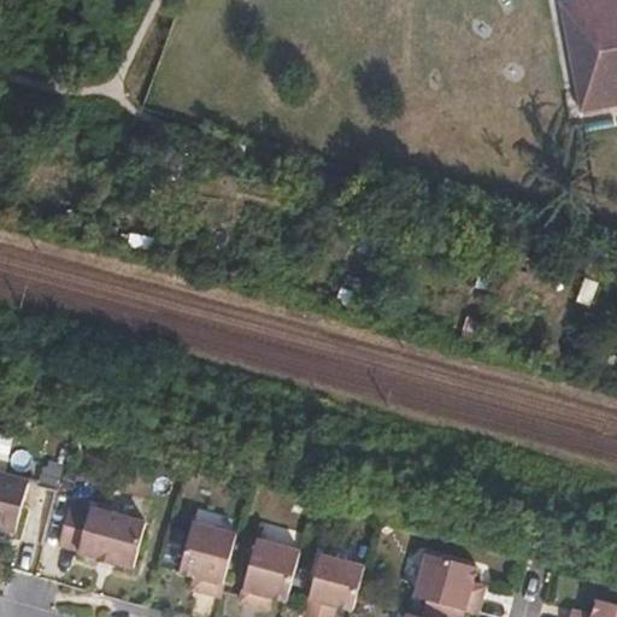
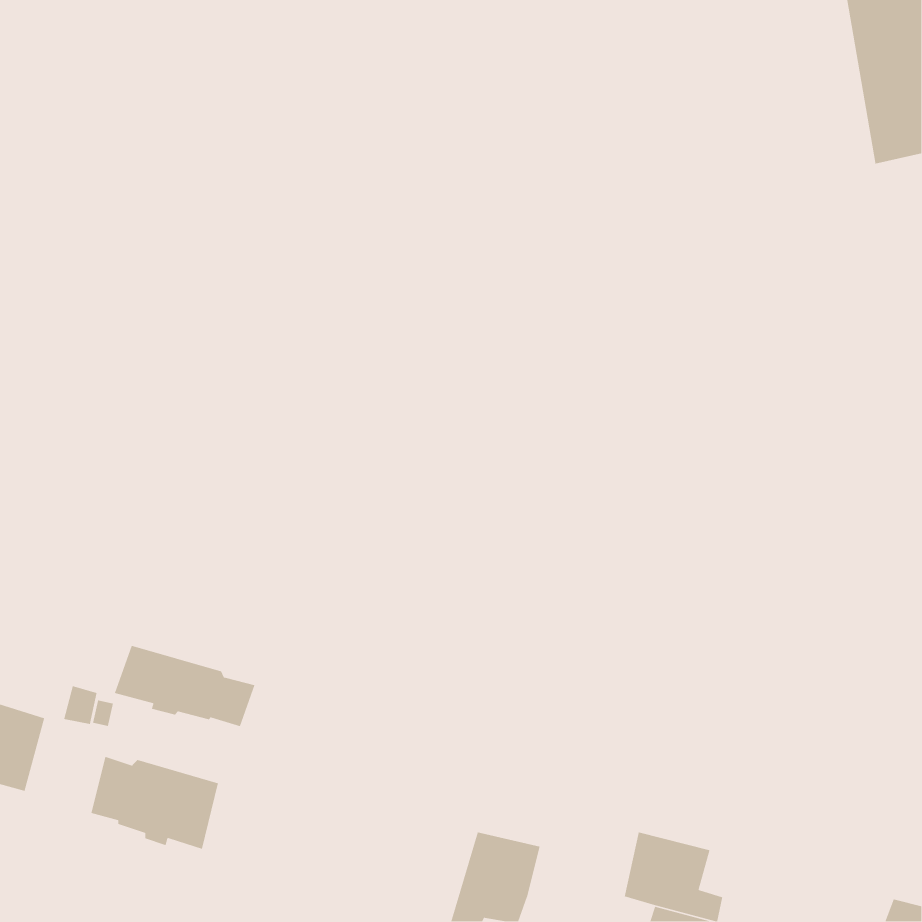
building: none -> [114,645,255,727]
building: [177,524,234,594] -> none
building: [236,540,295,606] -> none

